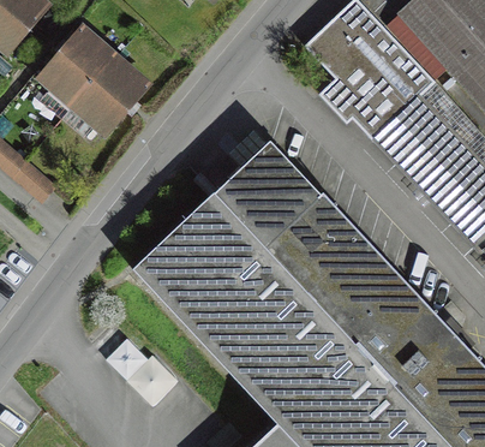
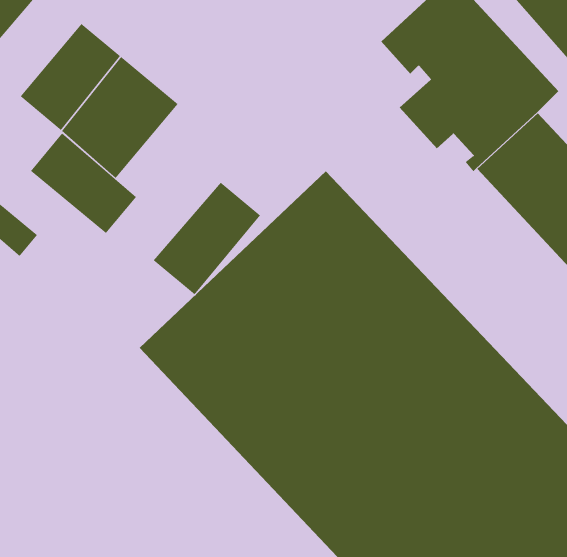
building: none -> [30,132,137,234]
building: none -> [153,182,261,295]

